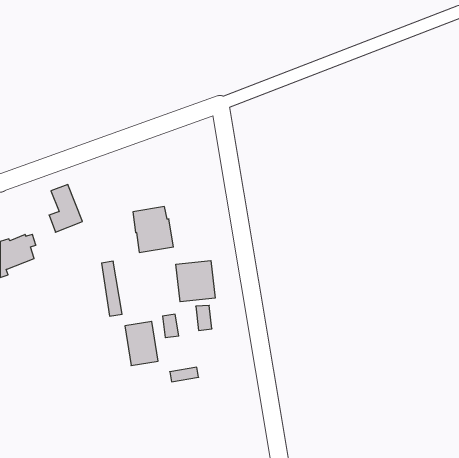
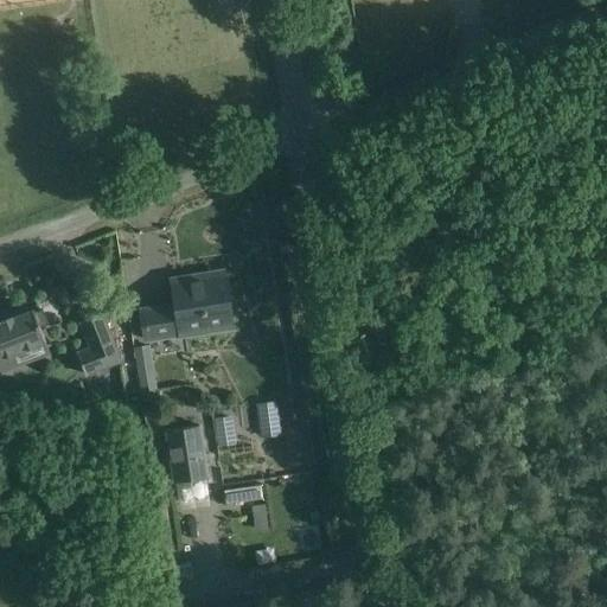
building: [49,185,82,232] -> [77,313,121,376]
building: none -> [142,306,184,340]
building: [176,261,215,302] -> none

